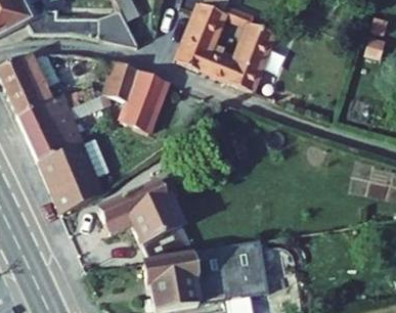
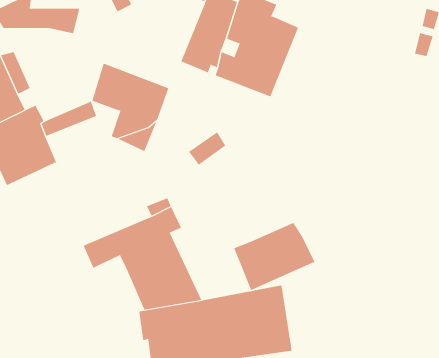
building: [91,17,138,47] -> none
building: [41,142,100,214] -> none
building: none -> [233,222,315,291]

